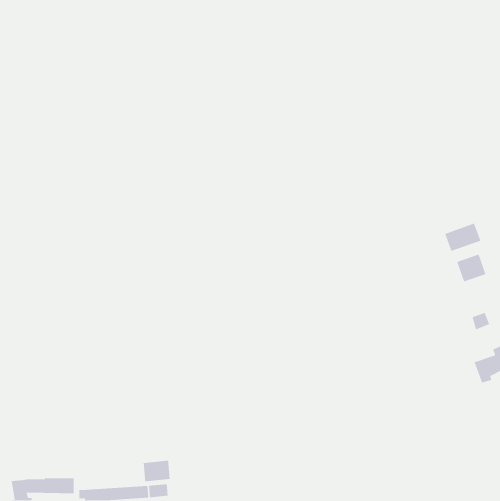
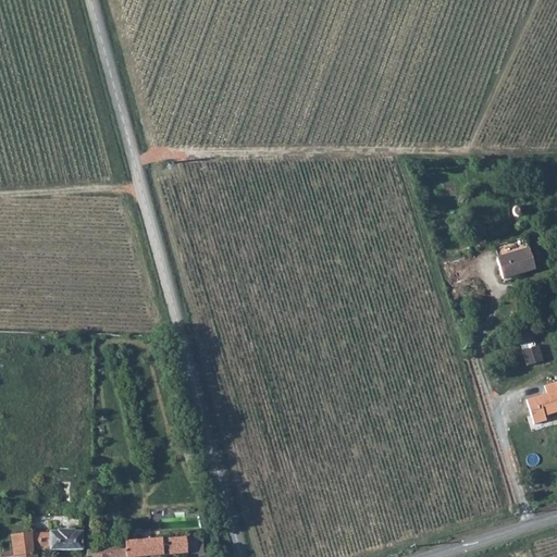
building: [456,253,486,283] -> none
building: [143,460,171,482] -> none

